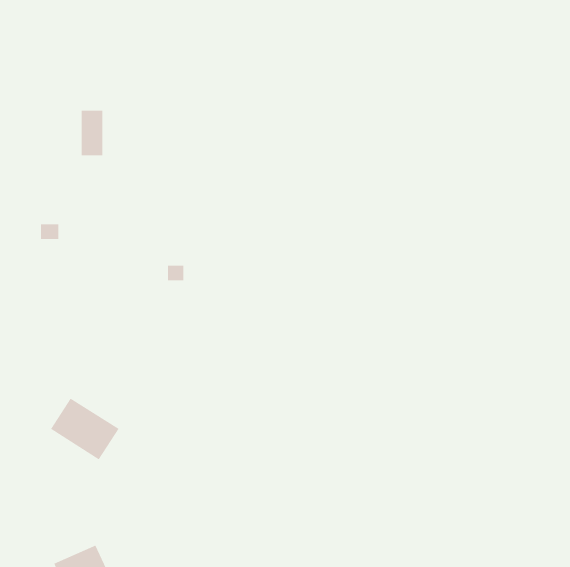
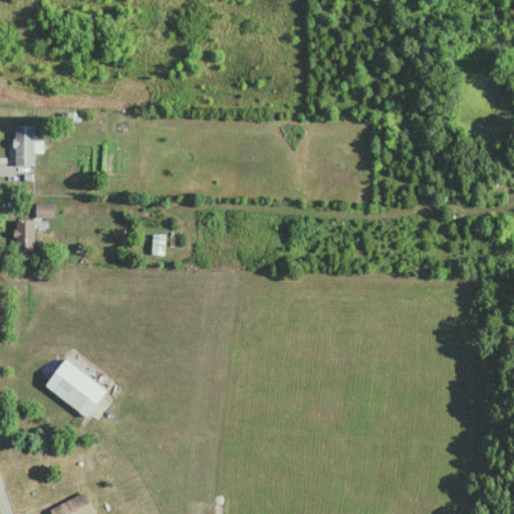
building: [81,110,103,156] -> [15,125,35,167]
building: none -> [15,221,34,252]

